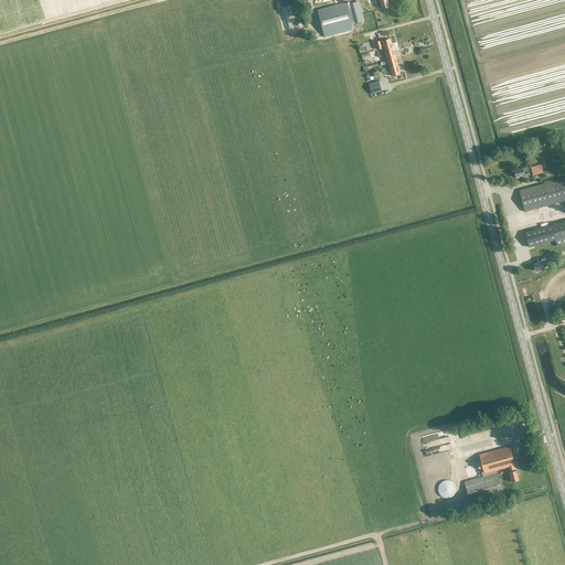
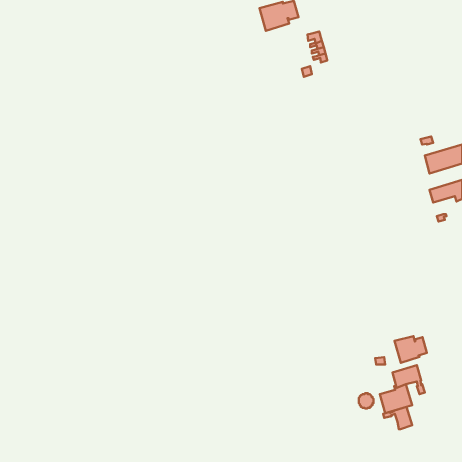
building: none -> [395,336,427,363]
building: none -> [383,407,412,429]

